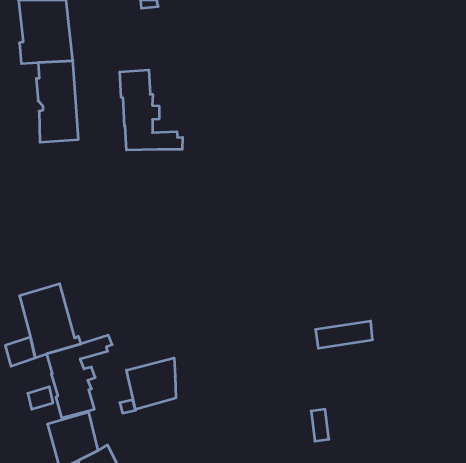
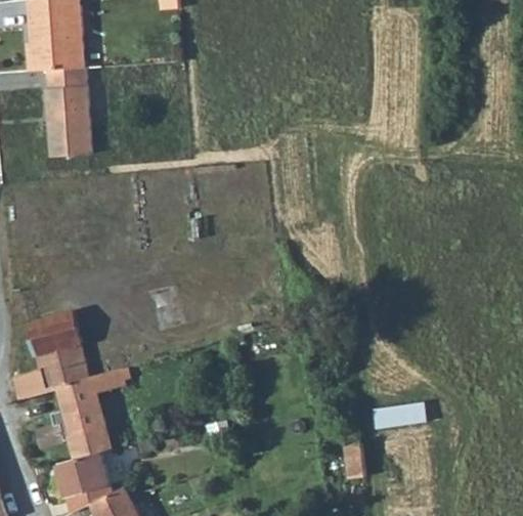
building: [120,70,183,150] -> none
building: [315,321,373,348] -> [371,399,433,429]
building: [126,358,176,409] -> none

